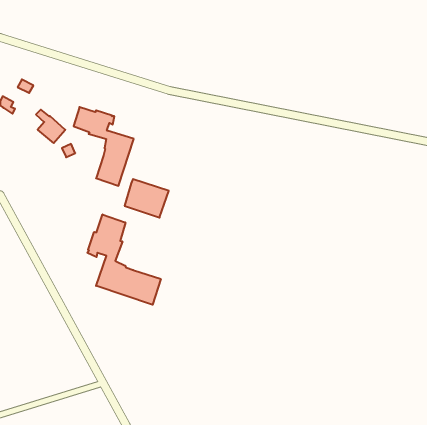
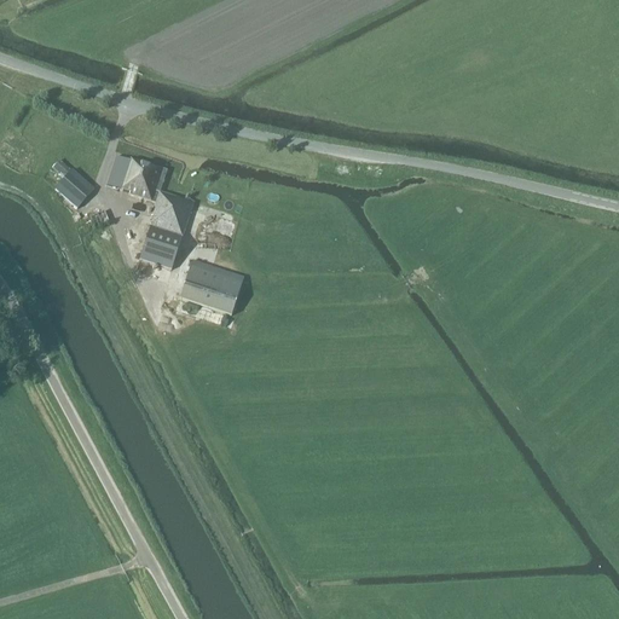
building: [87,214,161,305] -> none

